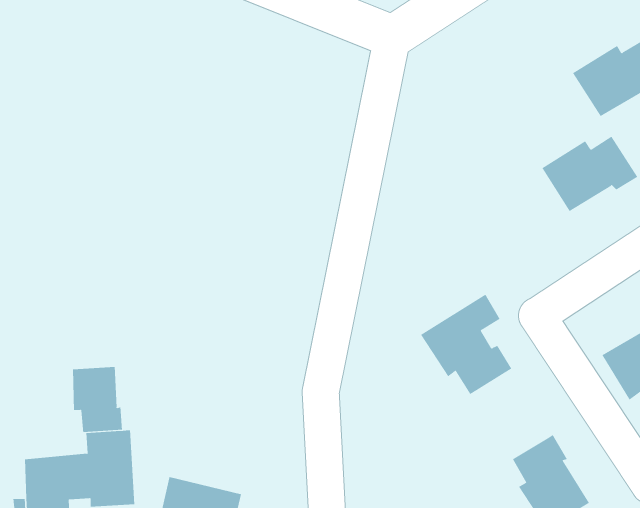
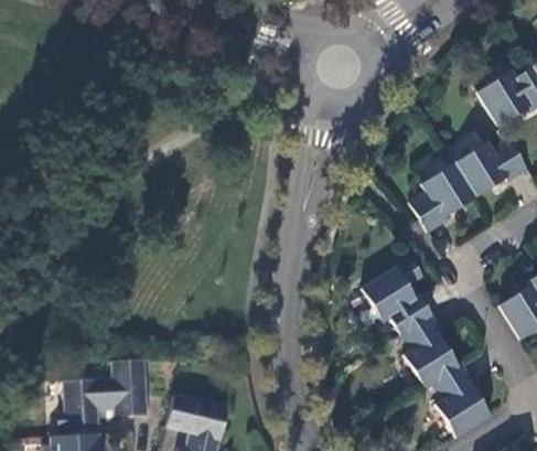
building: none -> [410,163,475,233]
building: [73,366,123,433] -> none
building: none -> [400,314,460,387]

